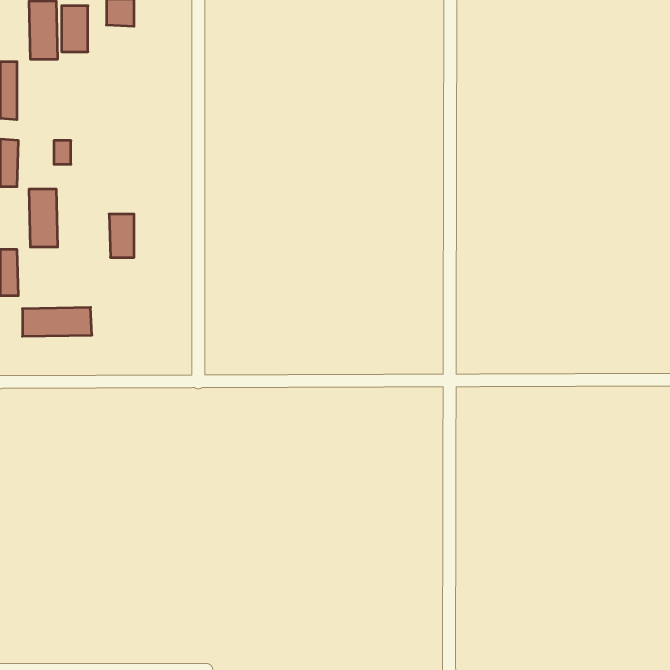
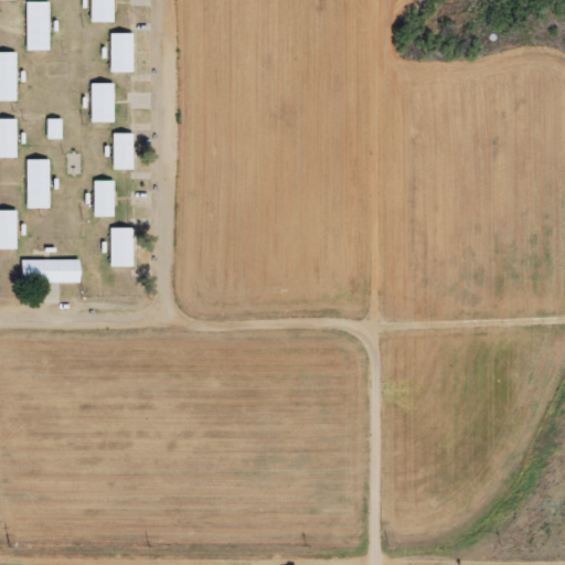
building: [62,6,88,52] -> [110,33,132,72]
building: none -> [90,83,114,122]
building: none -> [113,132,132,169]
building: none -> [110,227,132,266]

